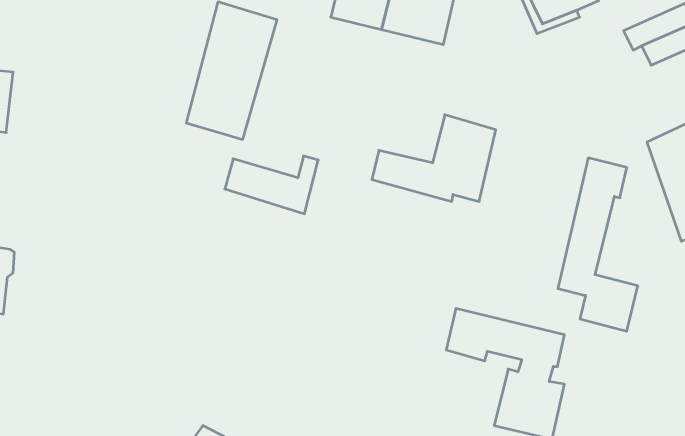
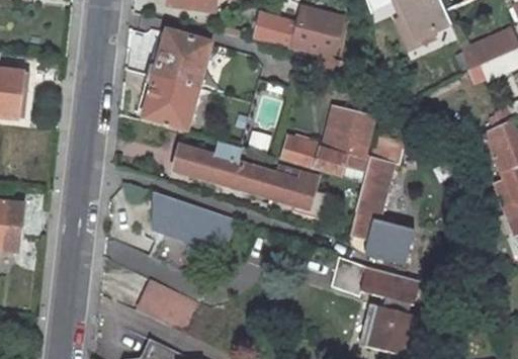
building: [558,158,638,331] -> [353,134,412,262]
building: none -> [233,145,319,206]
building: none -> [151,191,237,250]
building: none -> [135,279,201,333]

